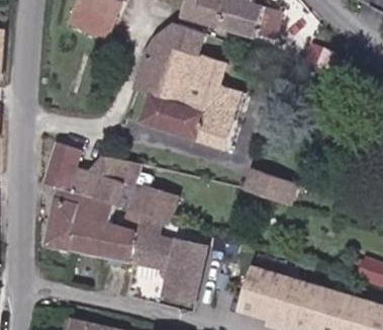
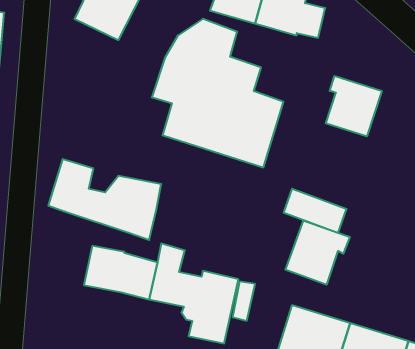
building: none -> [326,76,382,136]
building: [130,184,178,223] -> none
building: [47,186,113,249] -> none
building: none -> [285,220,350,285]

